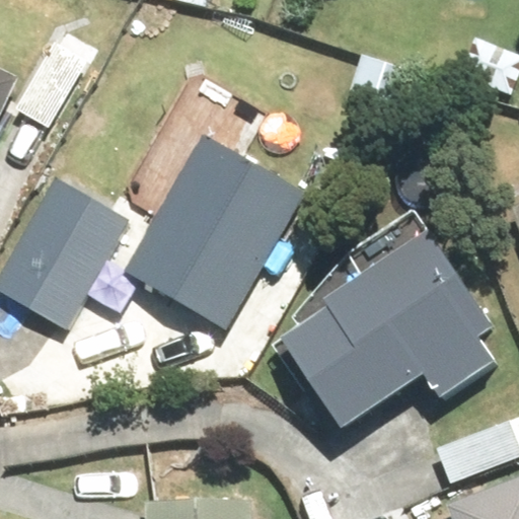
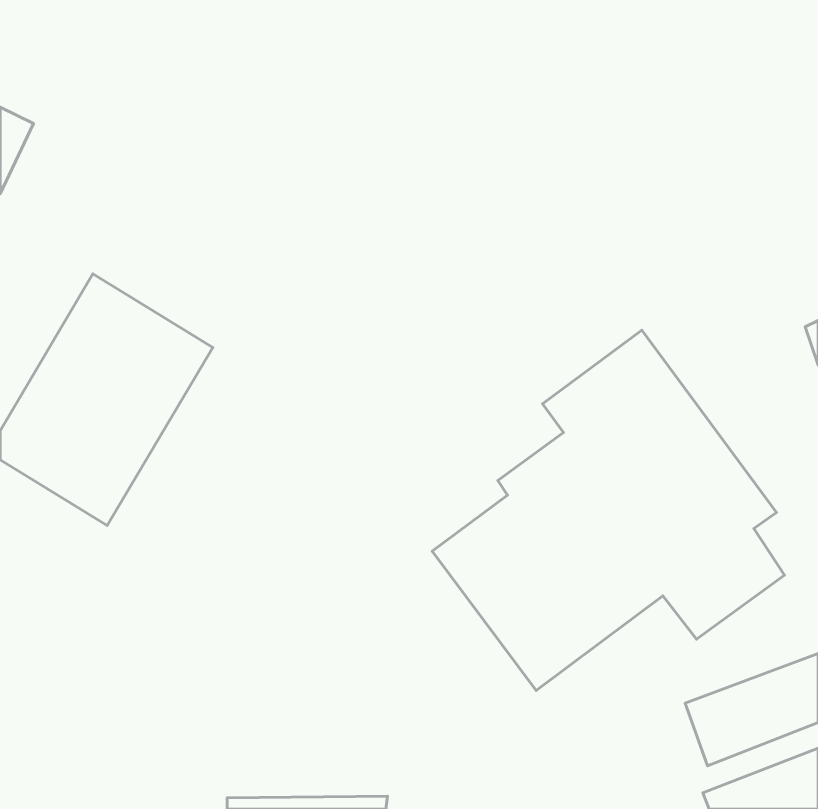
building: [126,134,303,326] -> none

